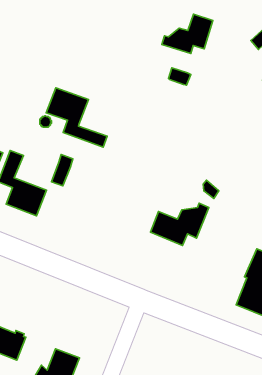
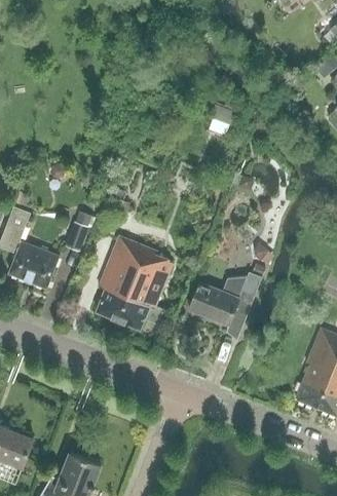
building: [162,14,213,54] -> none
building: [46,88,107,147] -> none
building: none -> [96,236,173,329]

